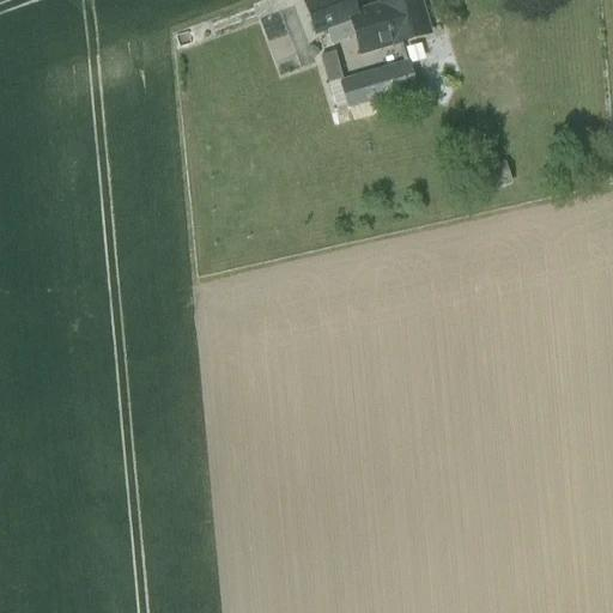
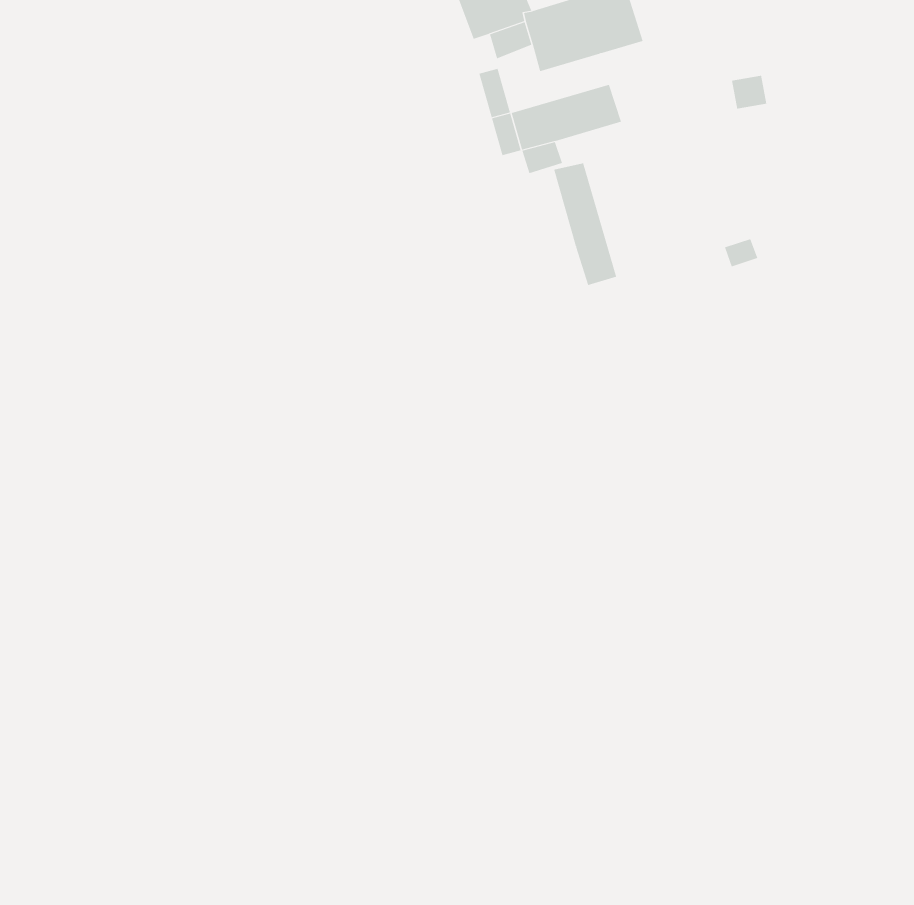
building: none -> [553,162,617,286]

